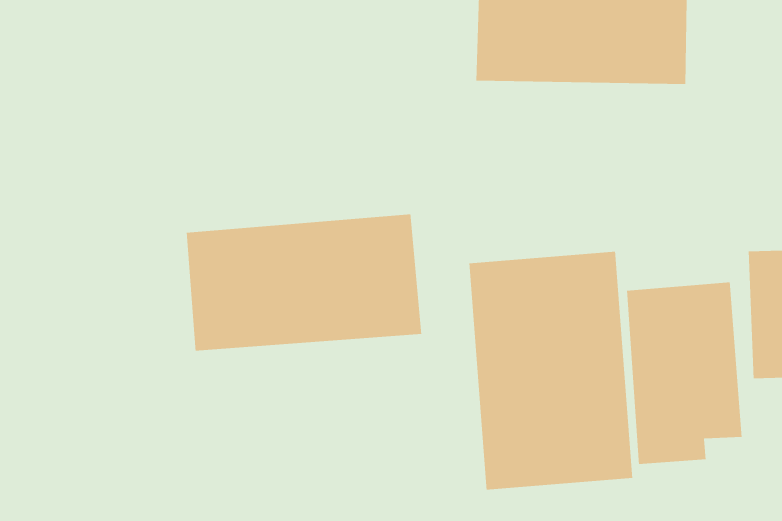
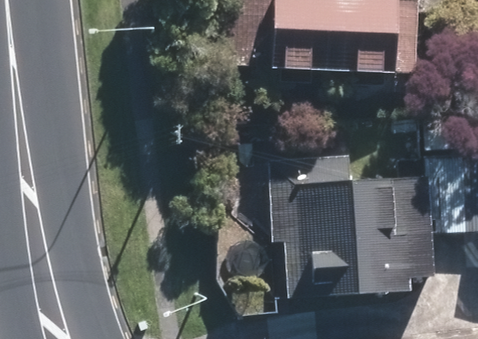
building: [186,213,422,352] -> none

